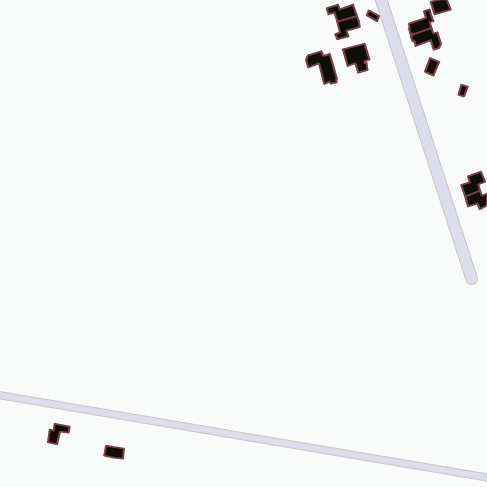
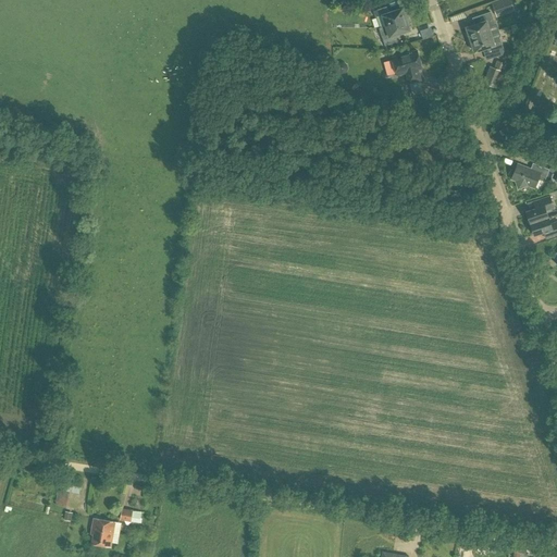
building: [306,51,337,84] -> none
building: none -> [510,163,548,188]
building: none -> [89,517,115,547]

